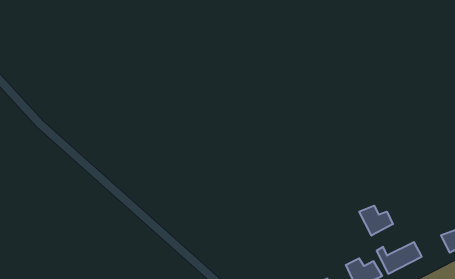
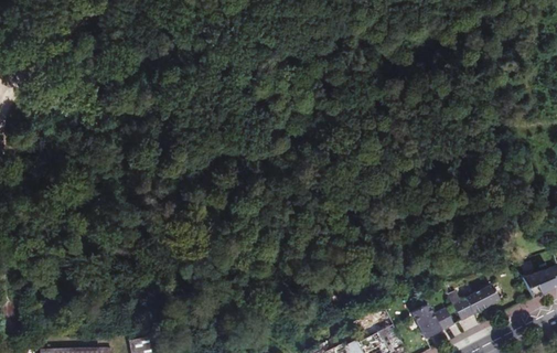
building: [359,206,393,236] -> none

